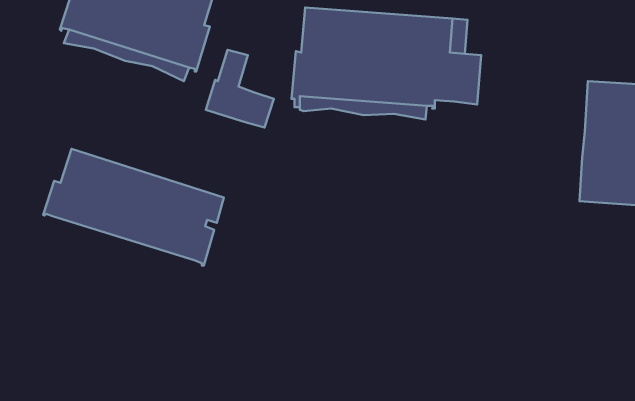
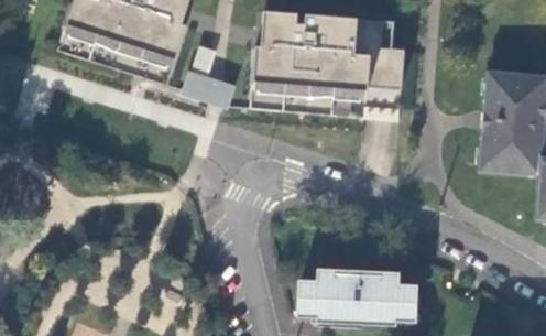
building: [43,149,224,266] -> none
building: none -> [302,270,416,324]

